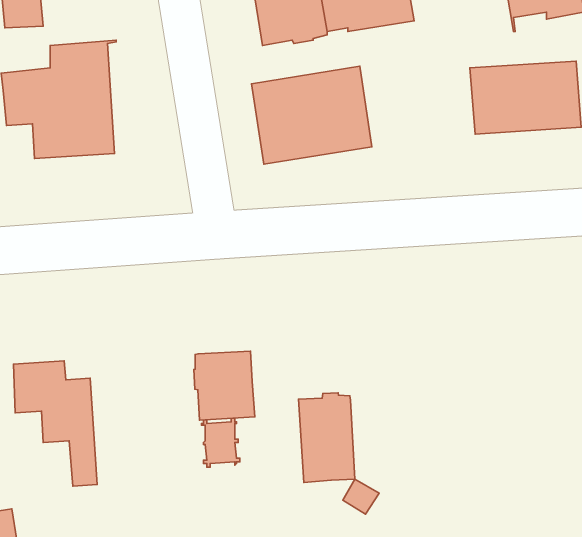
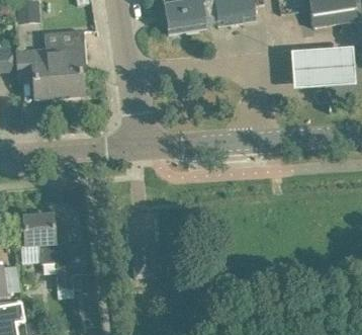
building: [252,66,372,164] -> none
building: [194,351,255,420] -> none
building: [299,393,355,482] -> none

